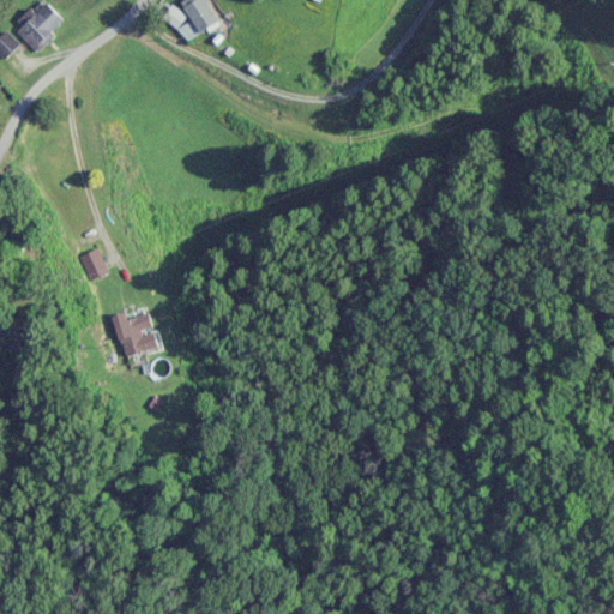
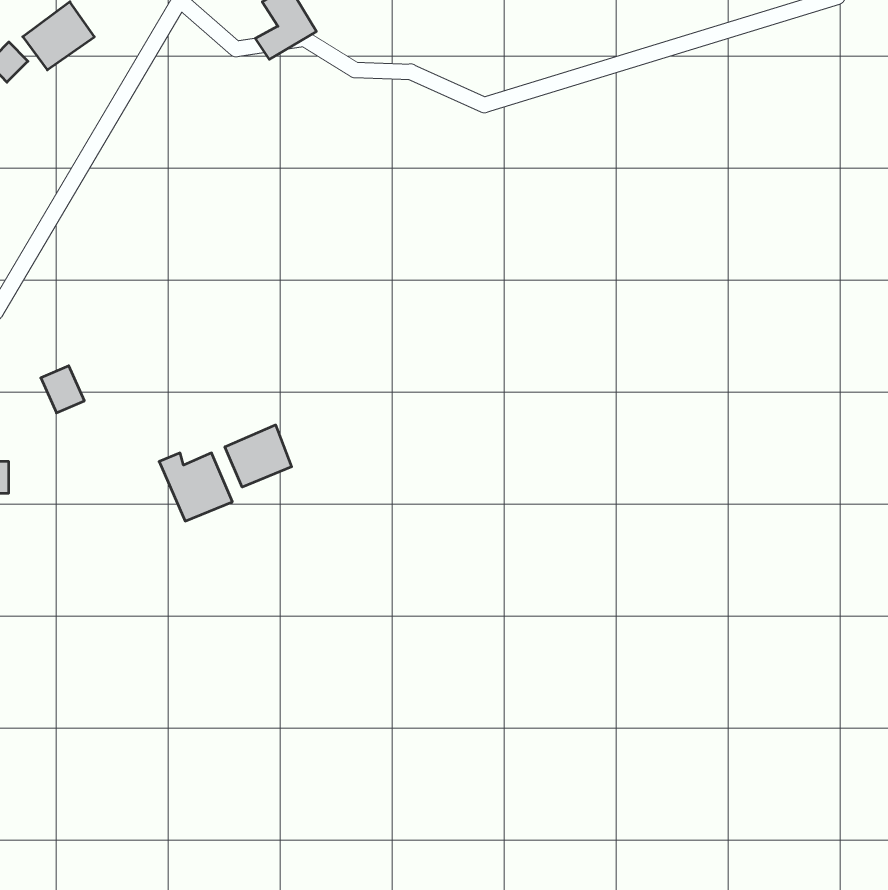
building: [78,247,108,279] -> [41,366,84,413]
building: none -> [225,425,292,487]

